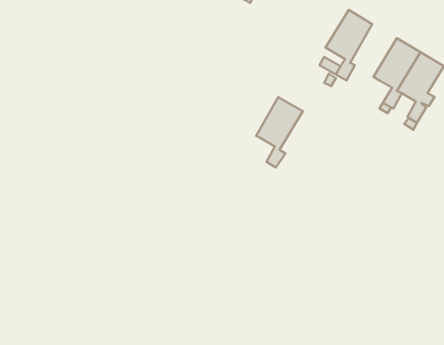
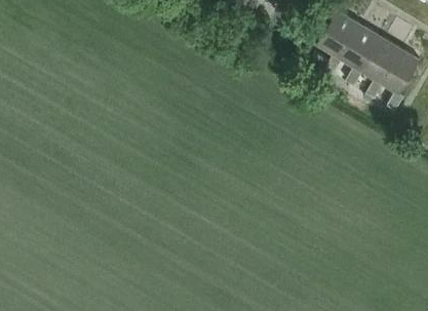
building: [256,97,303,168] -> [339,23,380,84]

